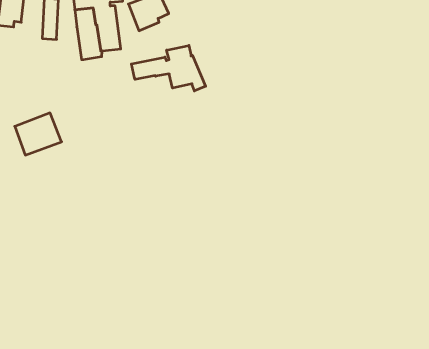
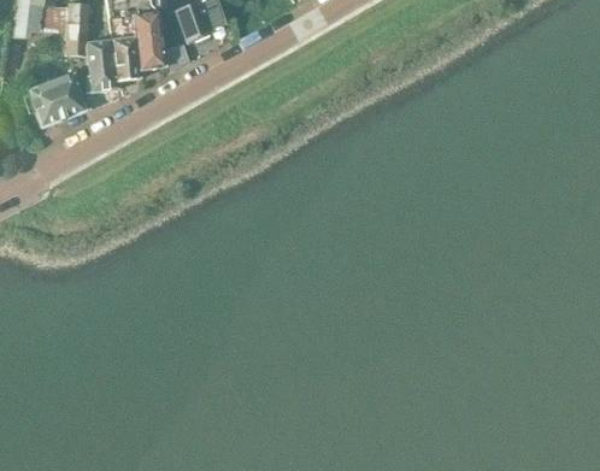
building: none -> [86,37,118,90]
building: [131,45,206,91] -> none
building: [15,113,62,155] -> [28,72,87,125]

